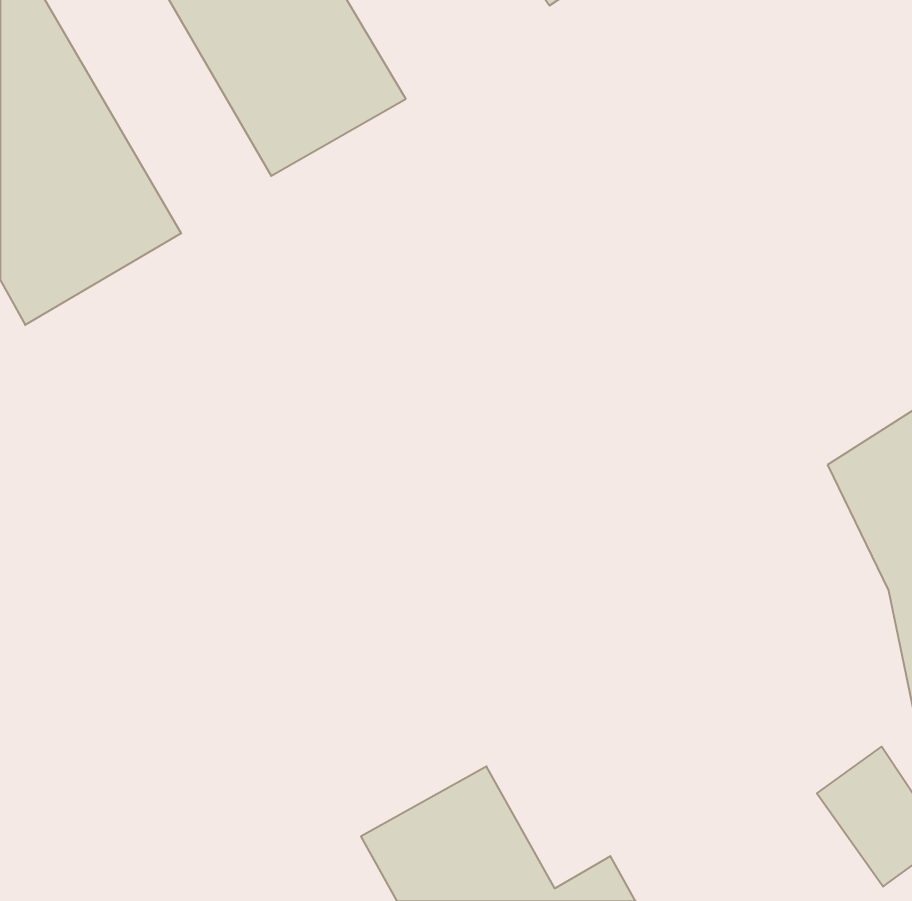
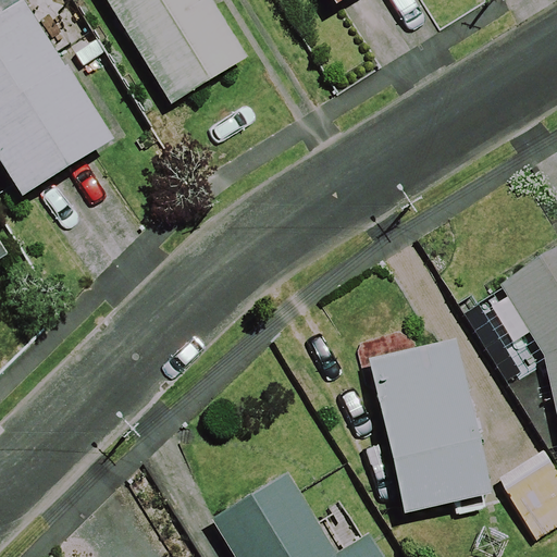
building: none -> [369,348,492,511]

